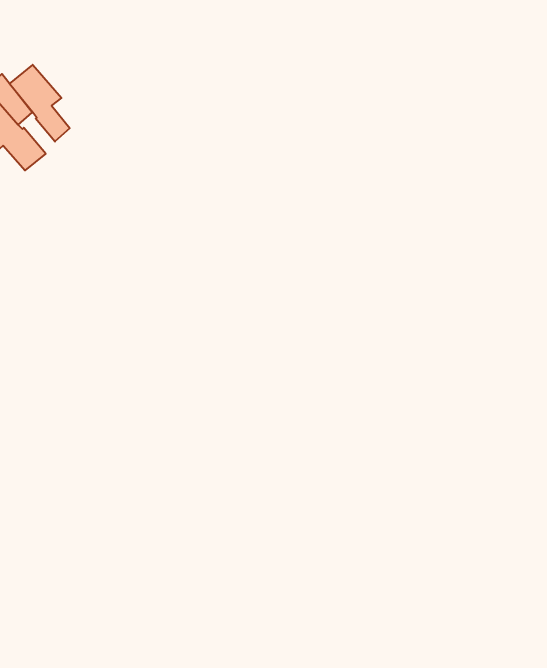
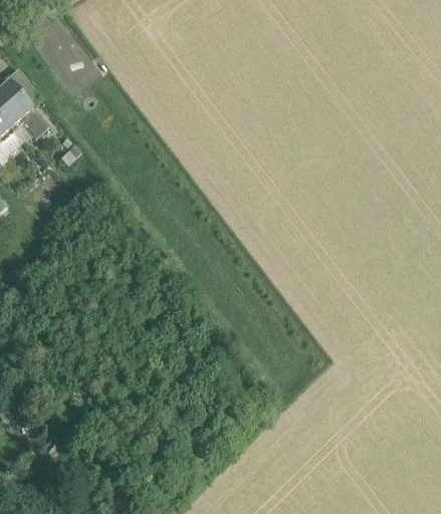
building: [9,65,70,142] -> none

